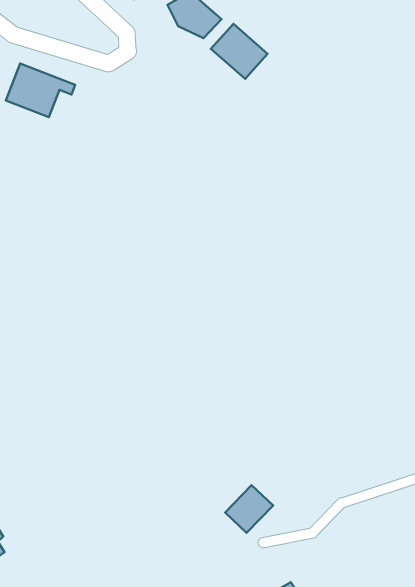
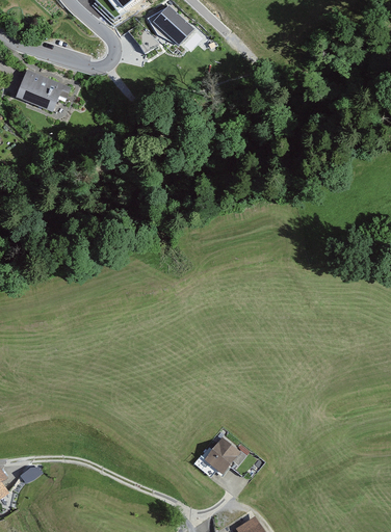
building: [211,24,268,79] -> none

